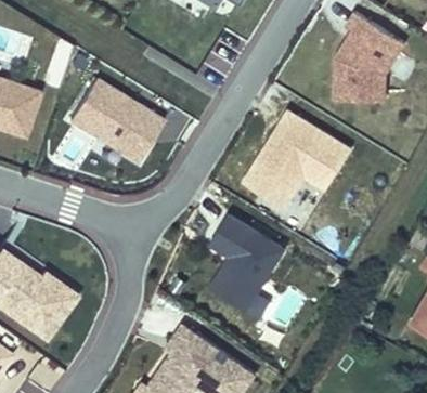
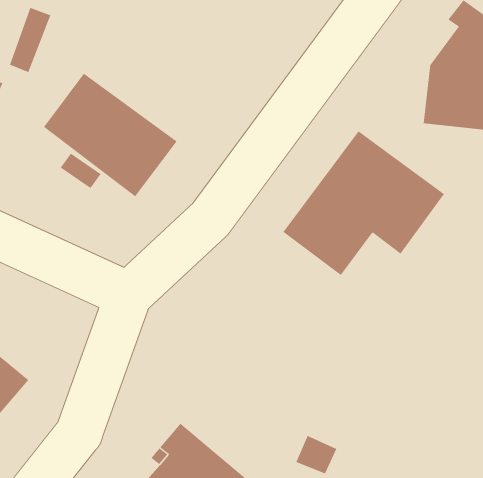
building: [210,209,287,307] -> none

